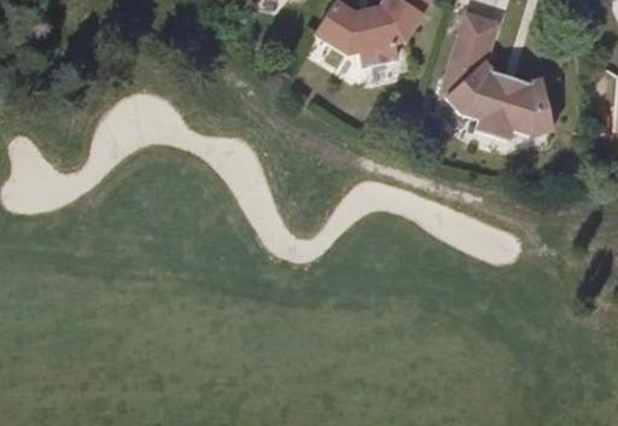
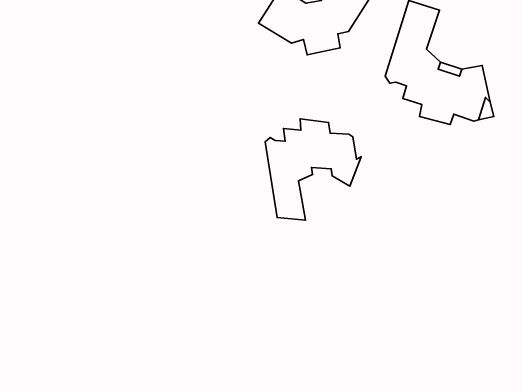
building: none -> [265,119,361,220]

